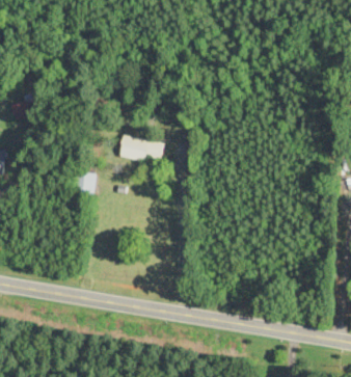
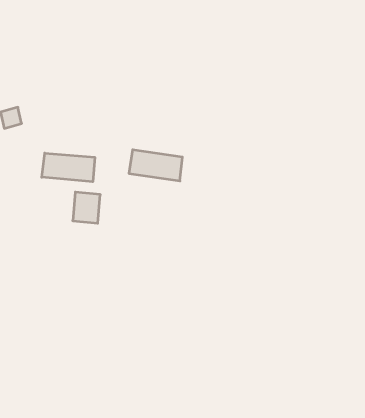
building: none -> [42,153,95,182]

